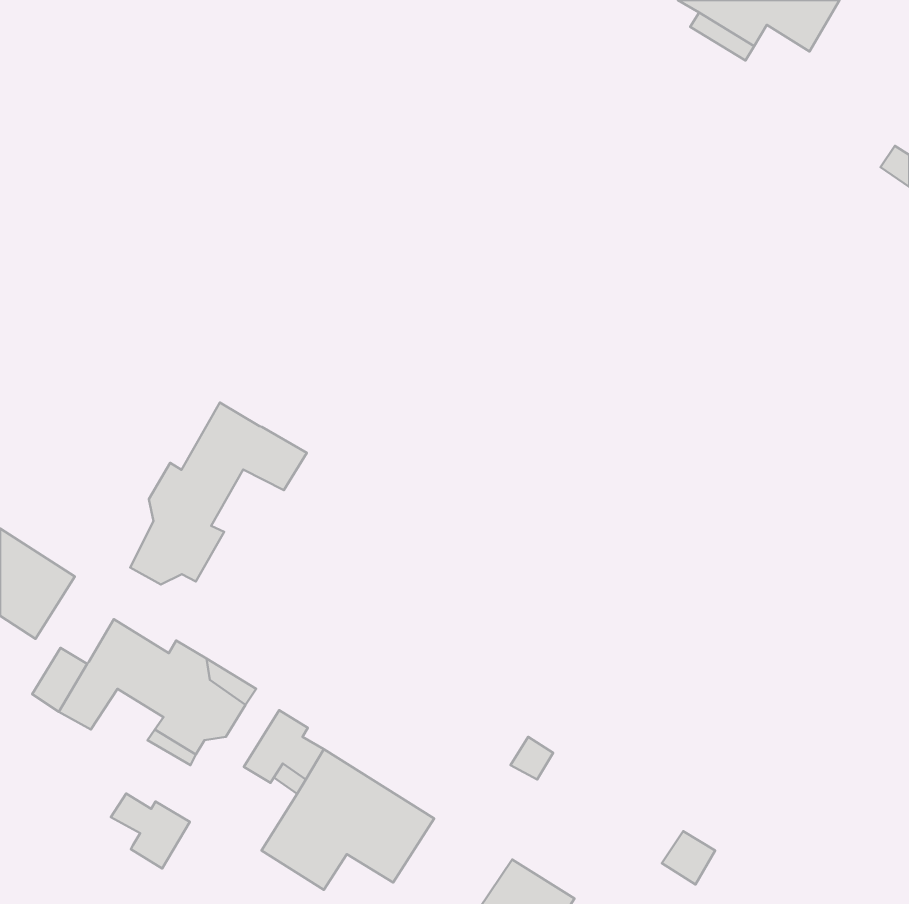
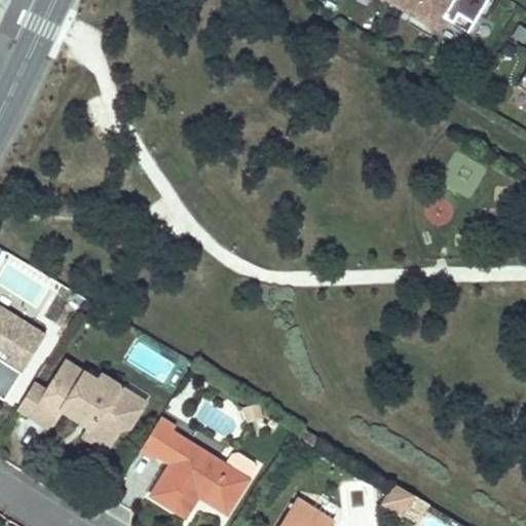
building: [130,403,307,585] -> none
building: [111,793,190,868] -> none

